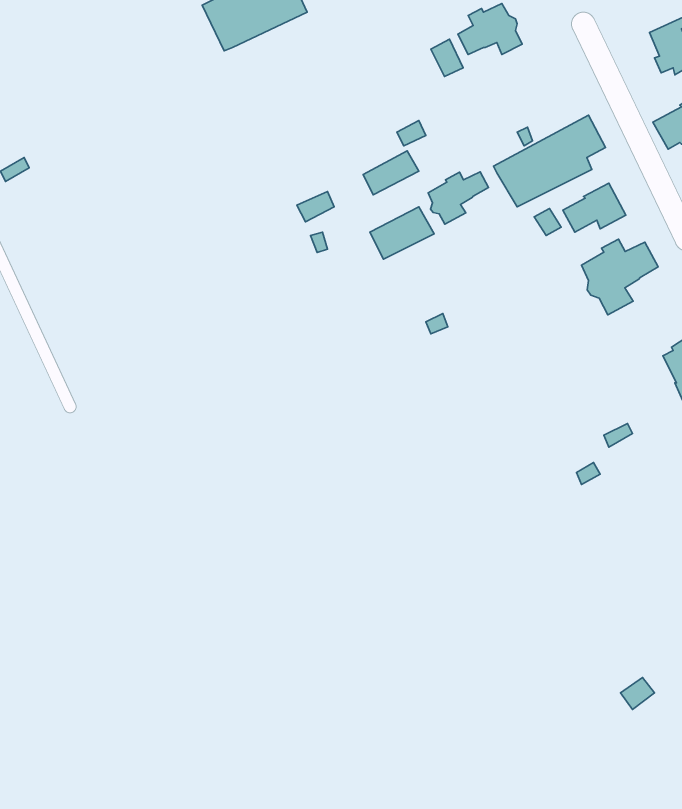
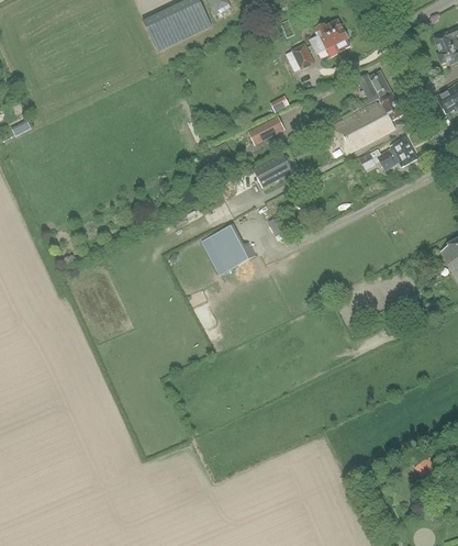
building: none -> [358,69,391,101]
building: [428,172,488,224] -> none
building: [581,239,658,315] -> none
building: none -> [203,223,257,272]

